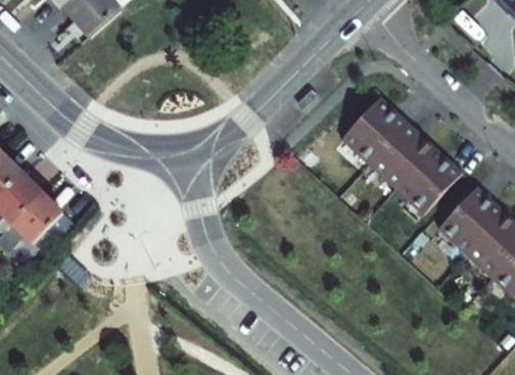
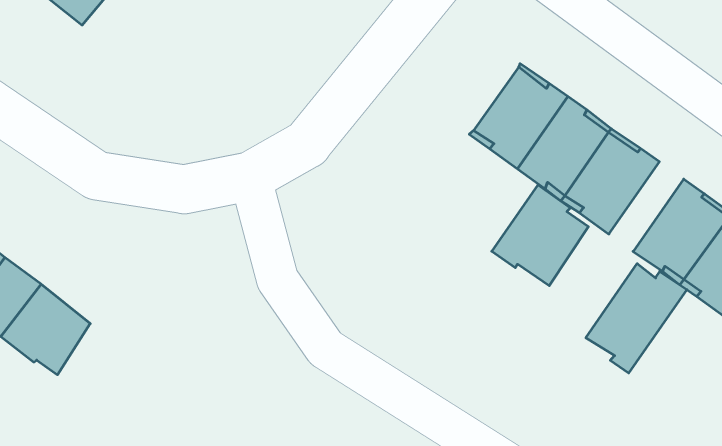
building: none -> [492,185,588,286]
building: none -> [586,264,687,373]

